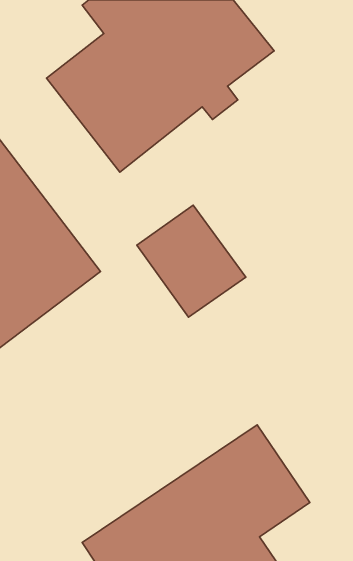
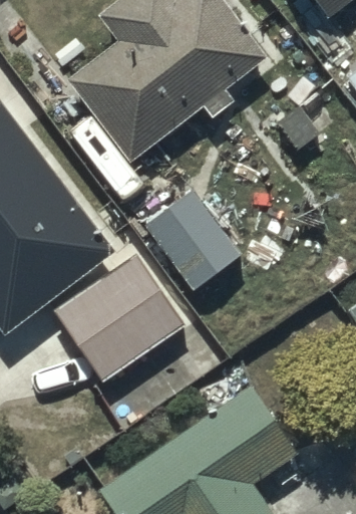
building: none -> [56,256,184,380]

